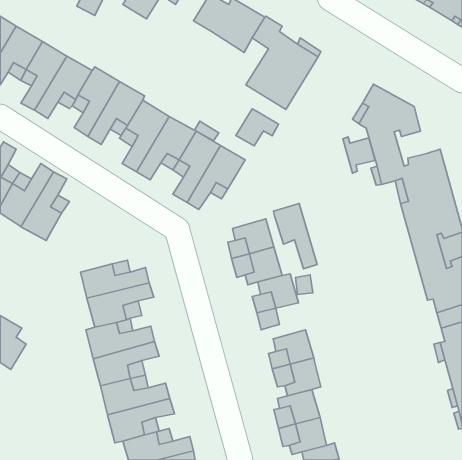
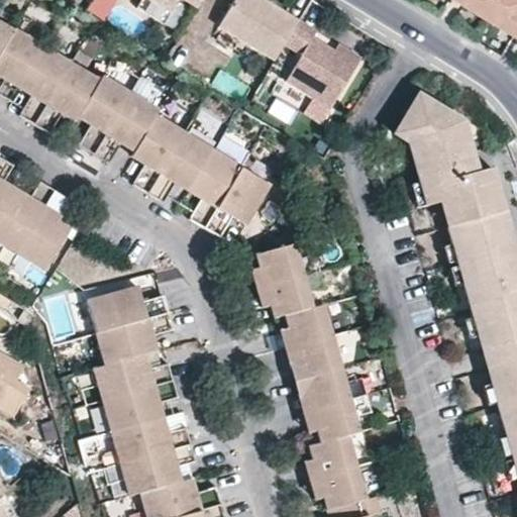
building: [236,109,279,146] -> none
building: [343,137,375,173] -> [440,145,477,186]
building: [274,204,317,269] -> none
building: none -> [301,338,341,379]

